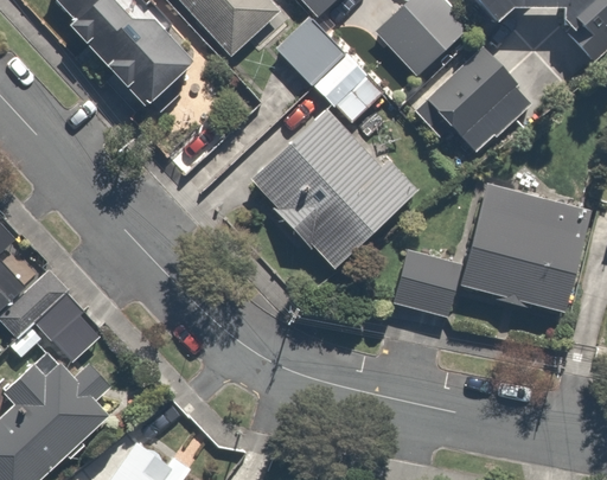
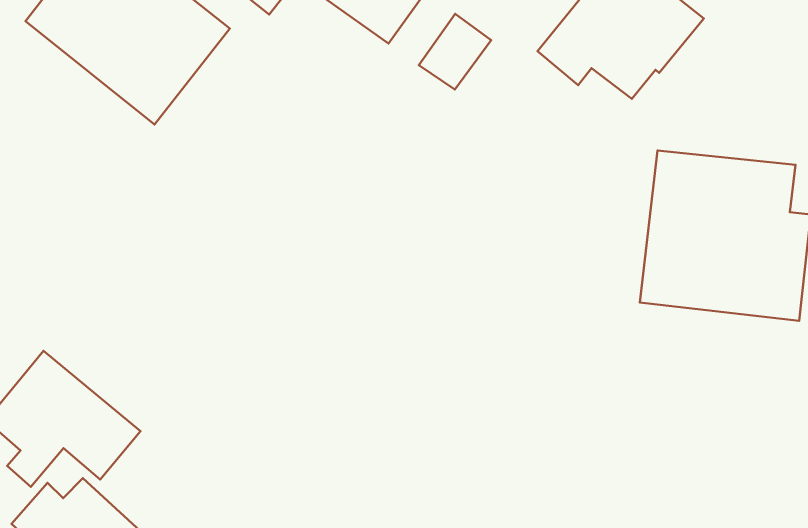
building: [250,107,417,280] -> none
building: [394,251,460,320] -> none

